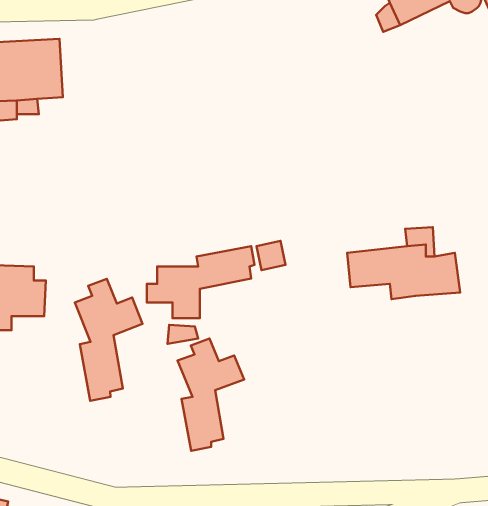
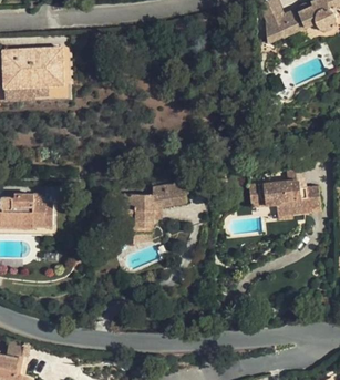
building: [75,279,143,401] -> none
building: [177,339,244,451] -> none

